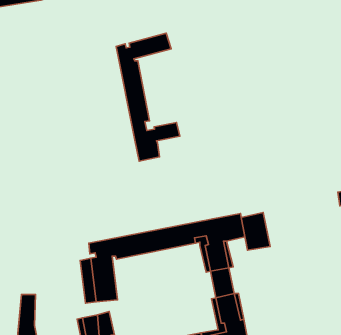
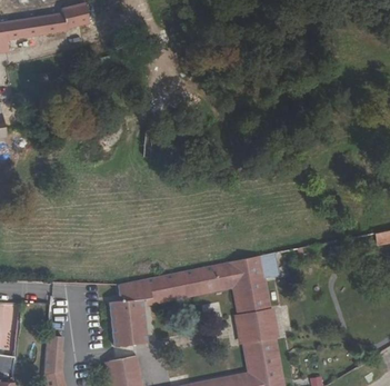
building: [116,33,180,161] -> none
building: [241,212,270,250] -> none

